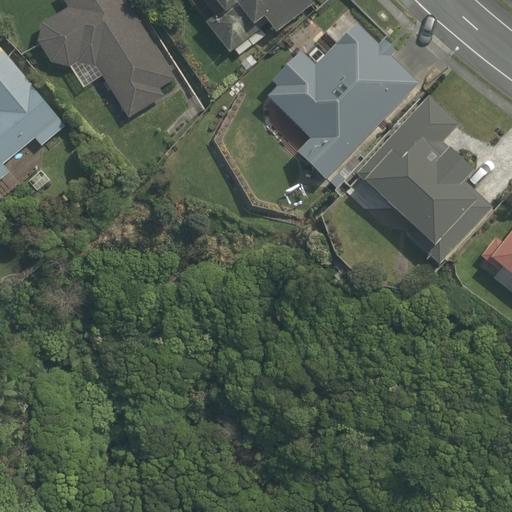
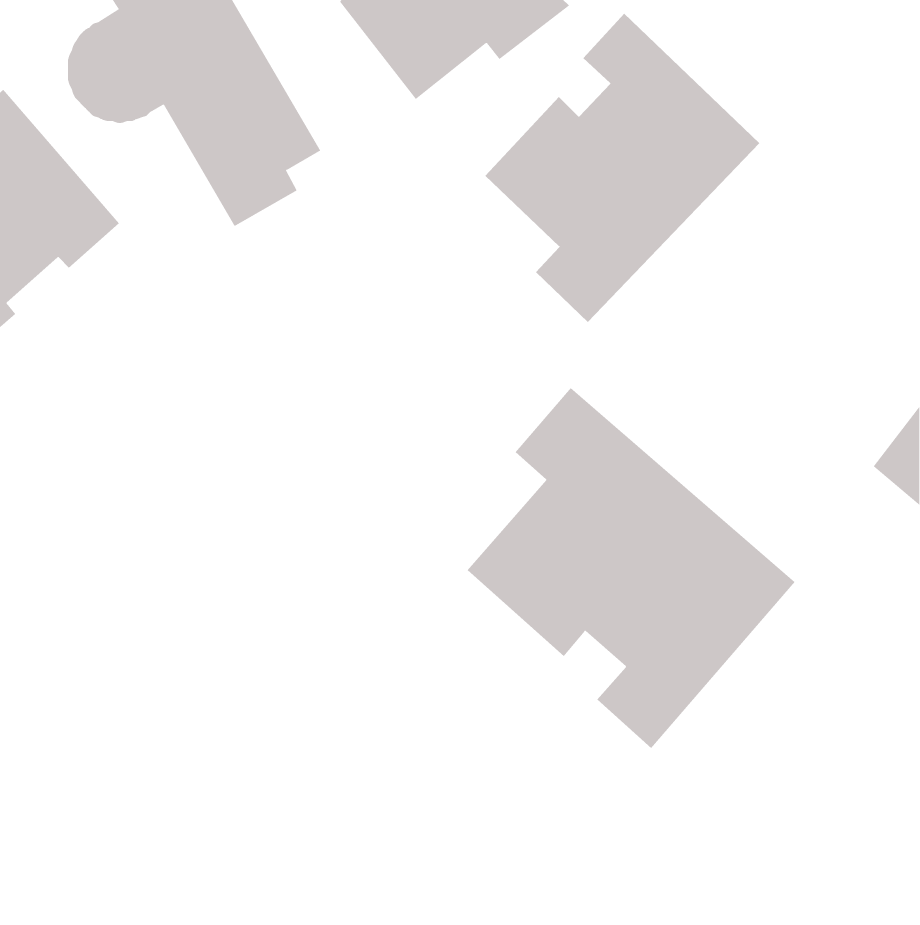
building: [358,96,483,248] -> none
building: none -> [467,387,796,749]

